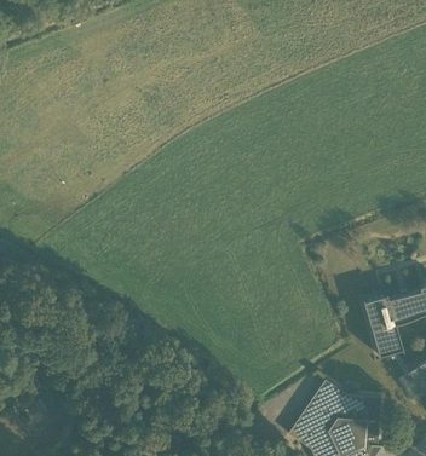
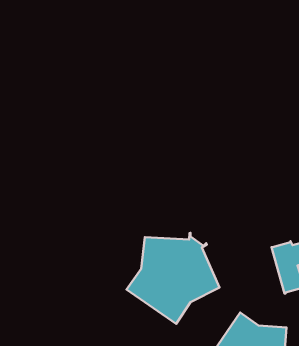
building: none -> [127,233,219,324]

